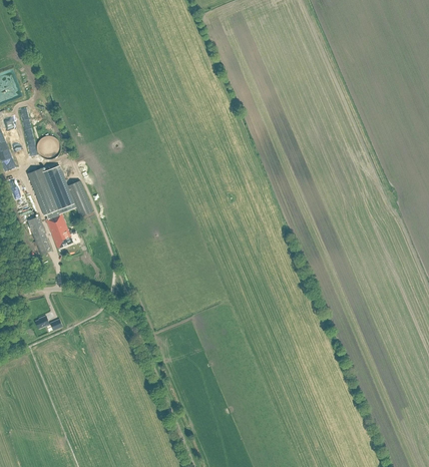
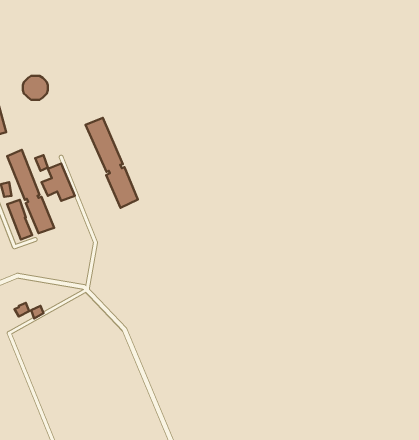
building: [35,134,59,157] -> [23,76,48,100]
building: none -> [86,118,138,208]

